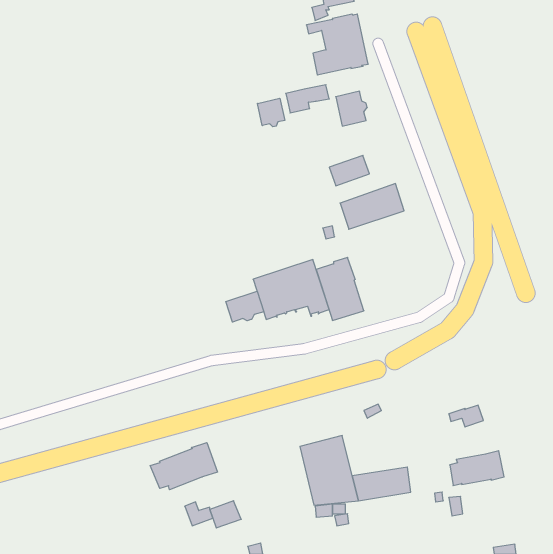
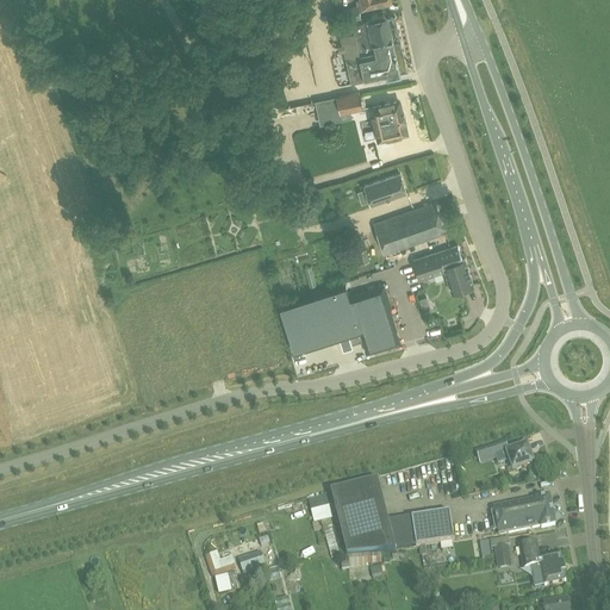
building: [257,98,285,127] -> none
building: none -> [411,244,471,290]
building: [226,291,264,322] -> none
building: [150,443,217,490] -> none
building: none -> [517,542,562,583]

